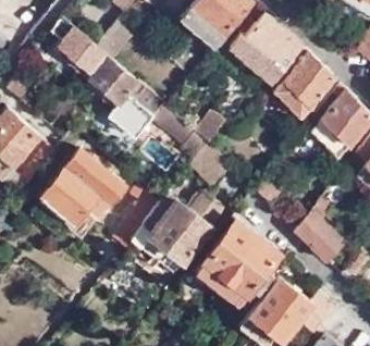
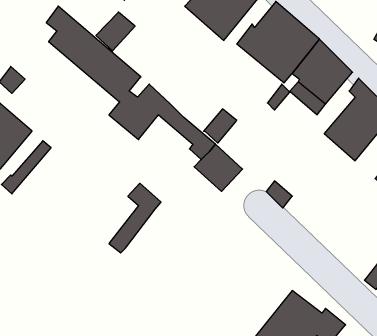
building: [42,149,127,234] -> none
building: [132,193,227,277] -> none
building: [294,193,344,261] -> none
building: [194,221,279,308] -> none

